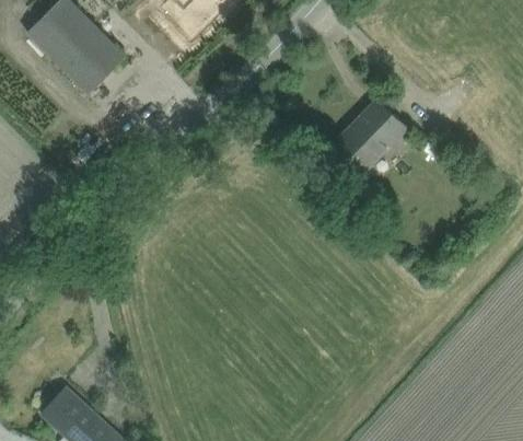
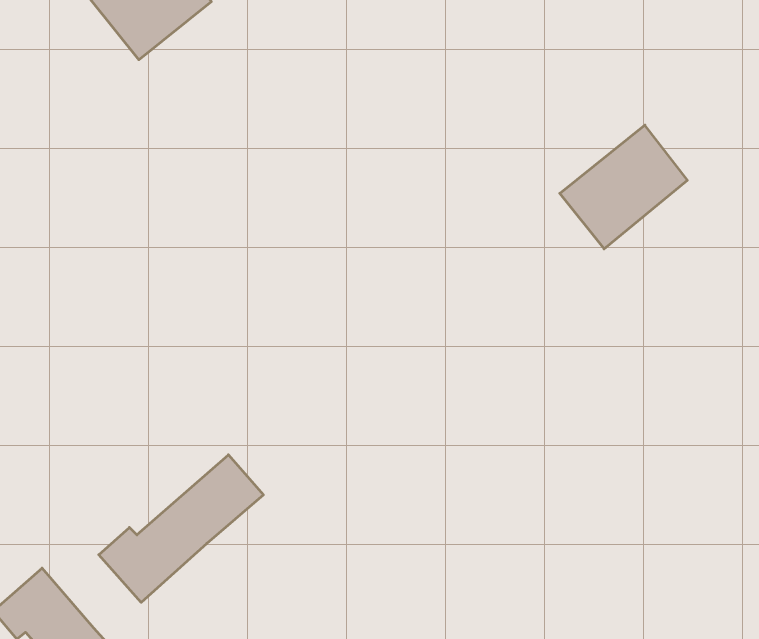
building: none -> [99,455,263,602]

